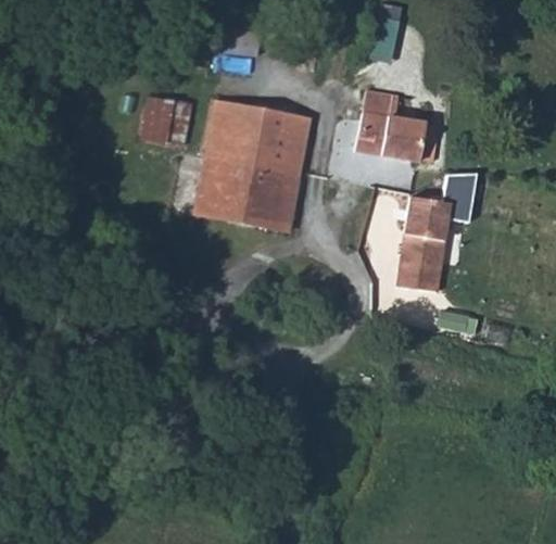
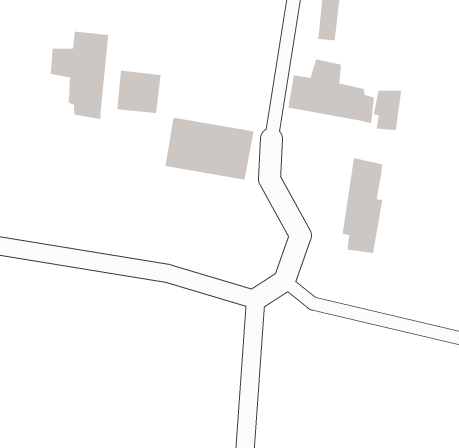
building: none -> [50,31,109,120]
building: [204,97,309,172] -> none
building: [442,180,476,227] -> [373,90,402,131]

